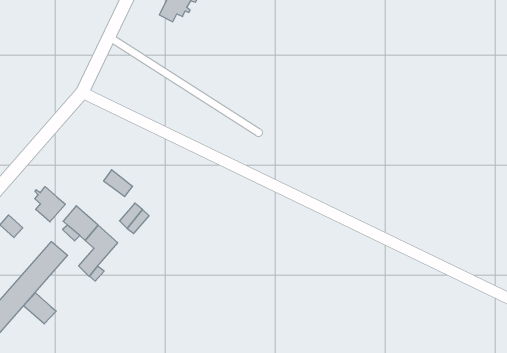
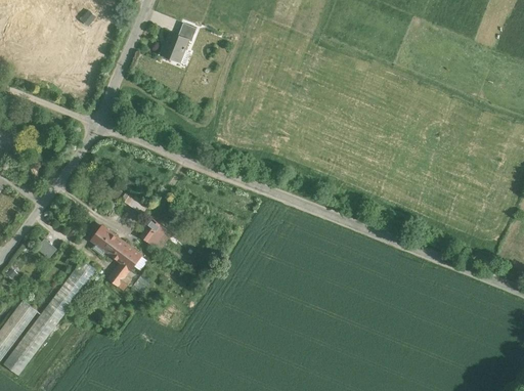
building: [35,187,65,222] -> none
building: [24,293,56,324] -> none

